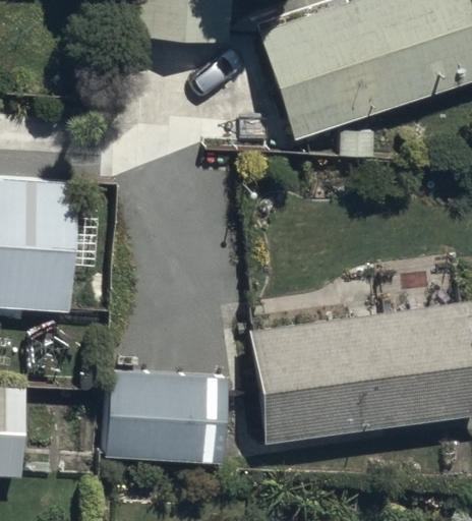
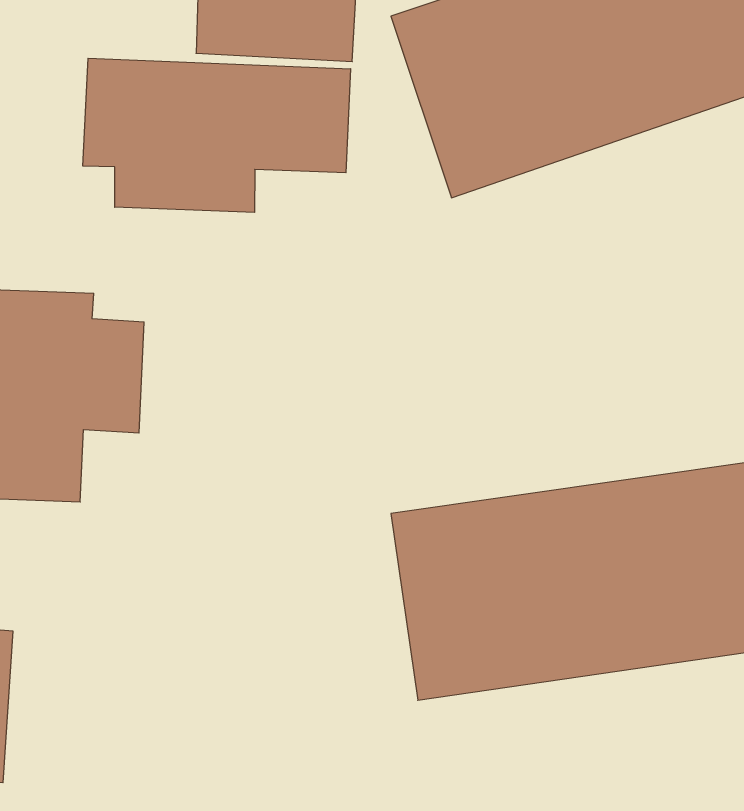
building: none -> [83,58,351,212]
building: [108,373,232,466] -> none

